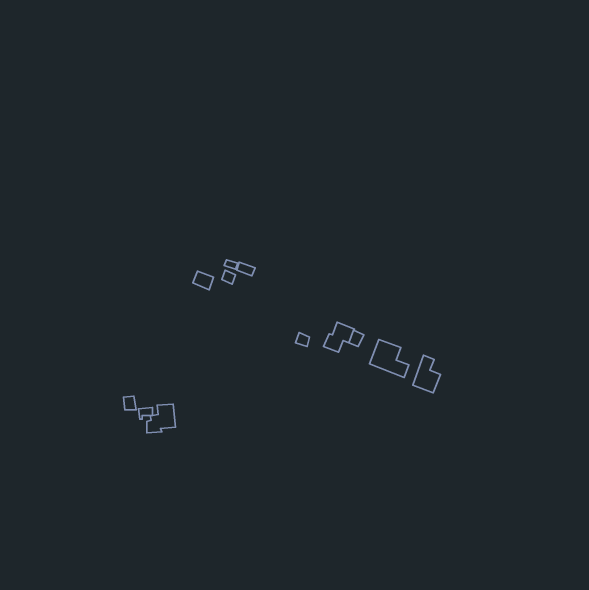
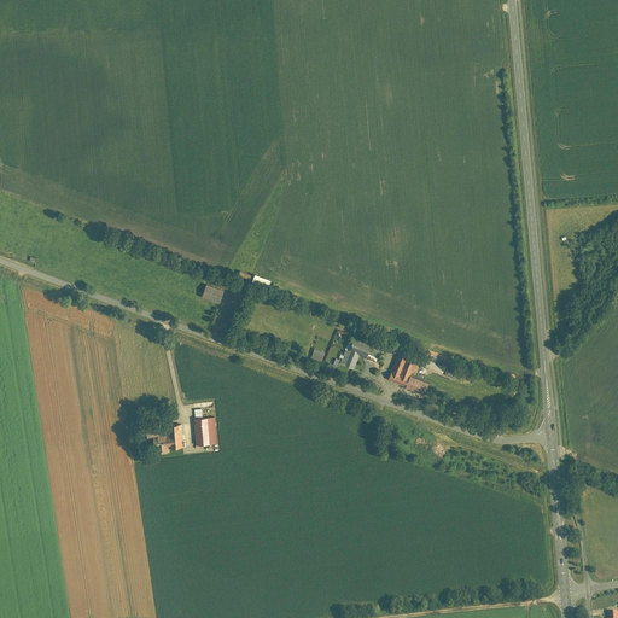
building: [413,355,440,393] -> none
building: none -> [193,416,216,449]

